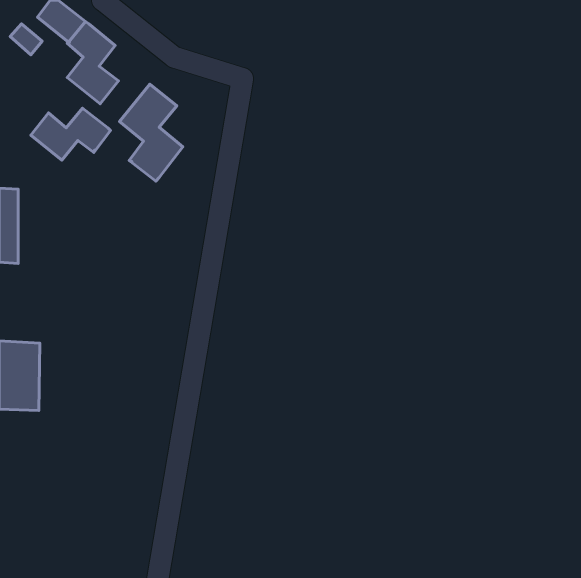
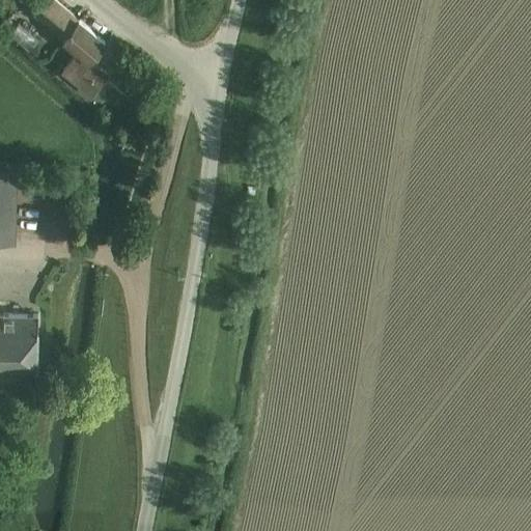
building: [120,84,183,181] -> none
building: [31,108,111,160] -> none

